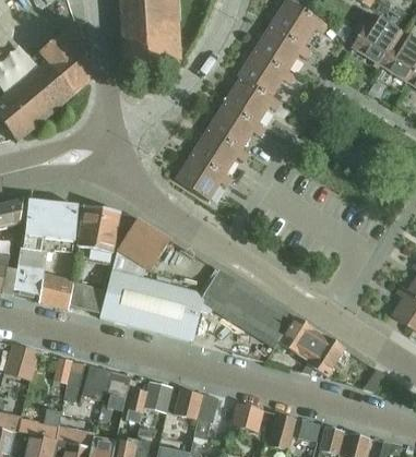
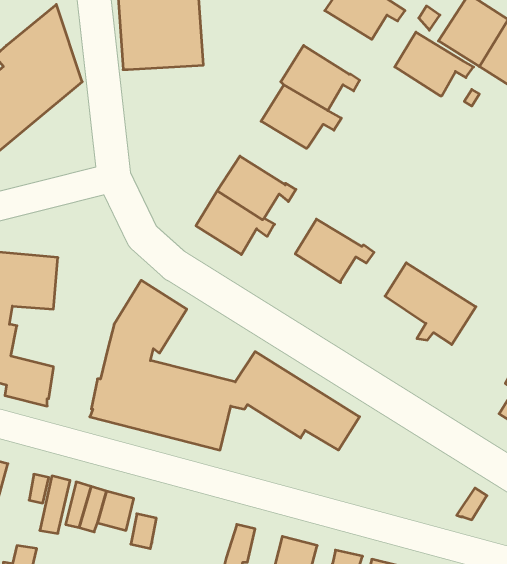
building: [253,25,310,71] -> [395,32,474,96]
building: [207,105,264,151] -> [295,219,374,283]
building: [76,204,119,252] -> none
building: [70,282,105,312] -> none
building: [278,317,344,376] -> [385,263,476,345]
building: [144,381,173,413] -> none
building: [175,388,205,419] -> none

